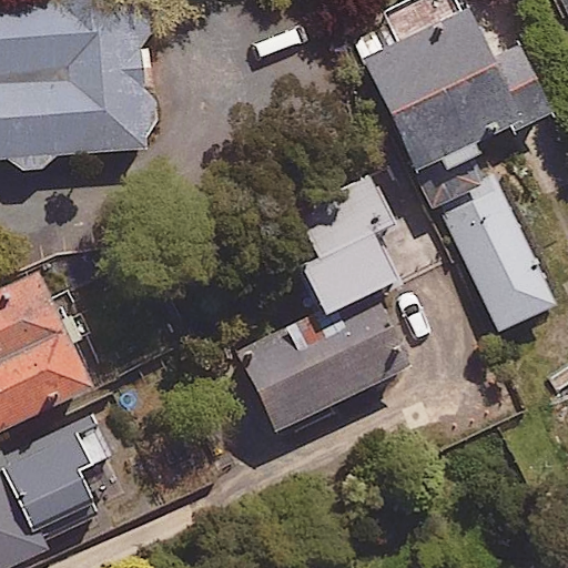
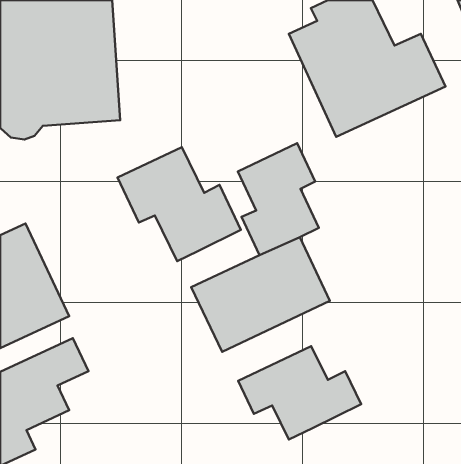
building: none -> [117,147,241,261]
building: [442,184,561,334] -> none
building: none -> [238,346,361,439]

